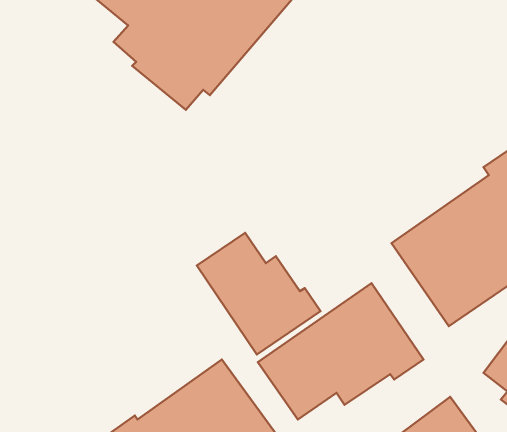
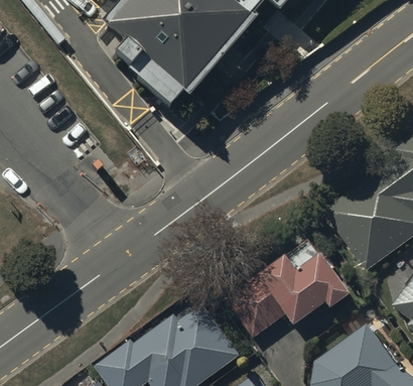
building: [197,233,320,355] -> none

